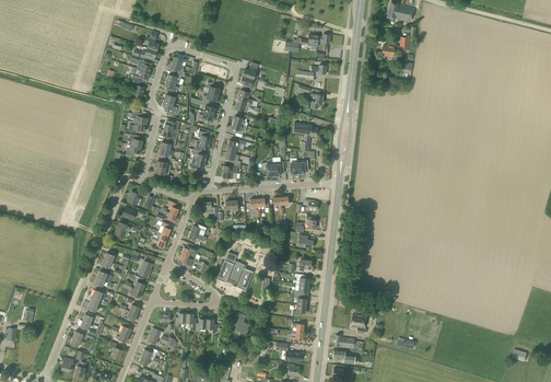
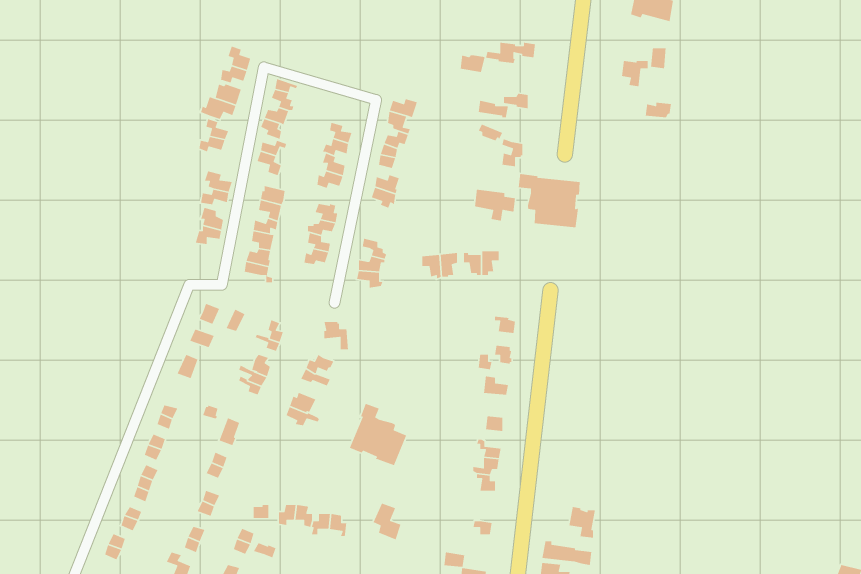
building: none -> [518,173,581,228]

